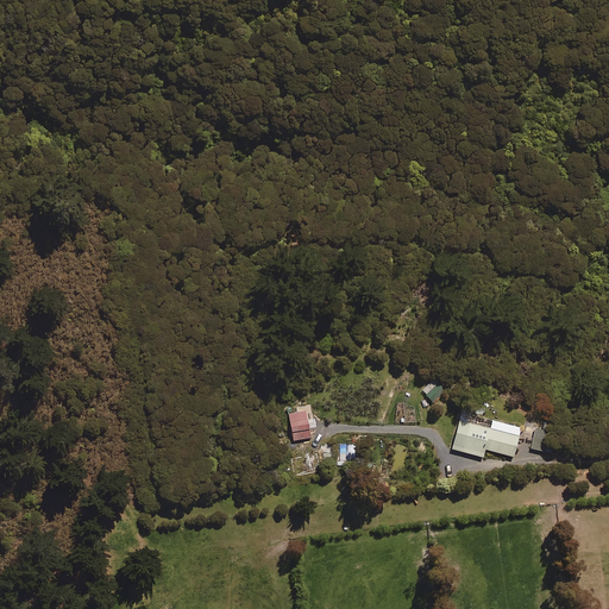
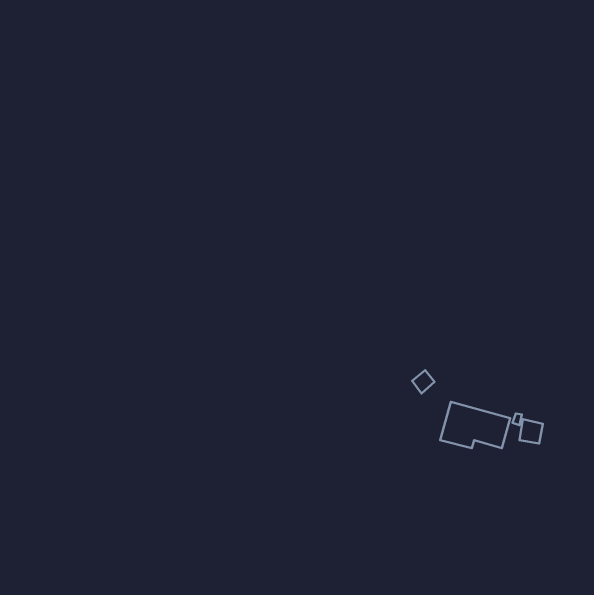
building: [288,410,312,441] -> none

